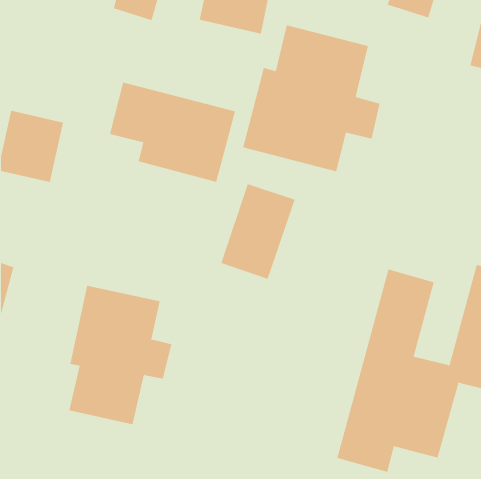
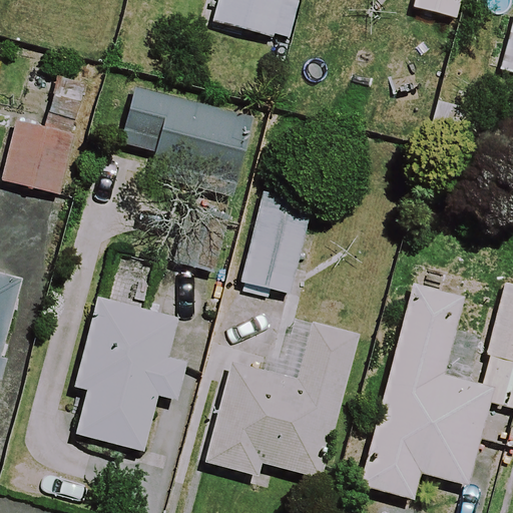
building: [242,24,380,172] -> none
building: none -> [203,319,358,477]

